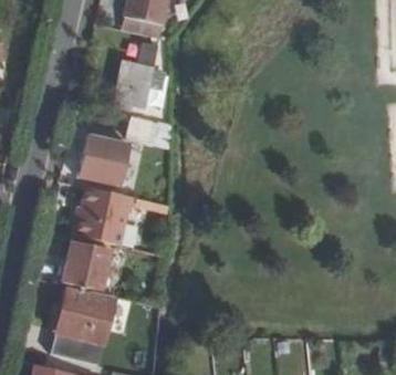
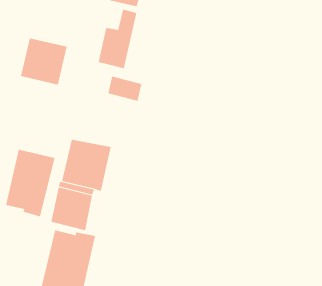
building: [76,133,129,186] -> [20,38,68,85]
building: none -> [5,149,55,217]

